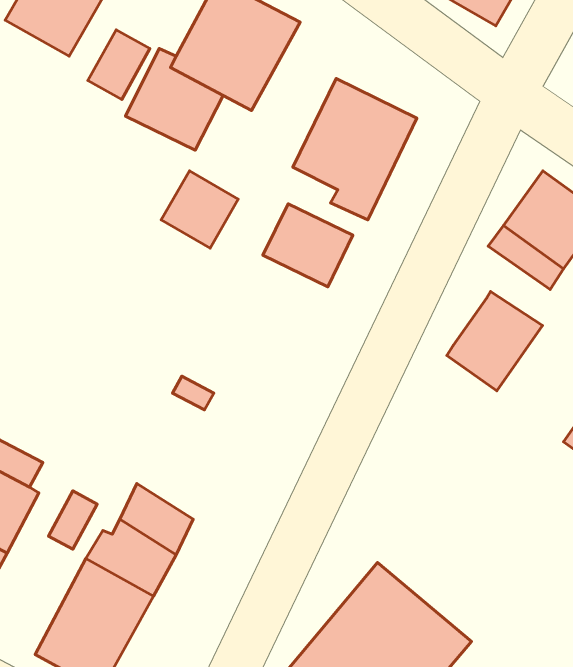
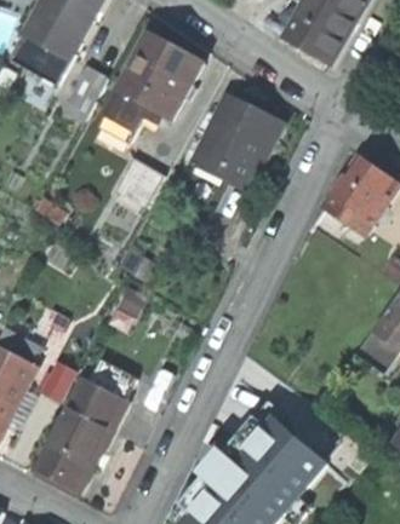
building: [263,204,353,287] -> none
building: [447,291,543,391] -> none

